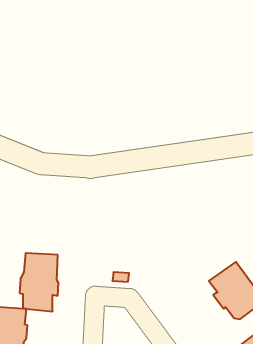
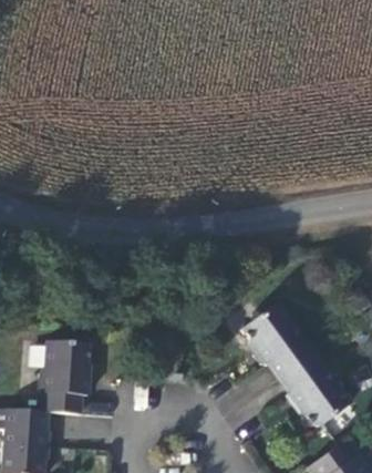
building: none -> [242,302,314,377]

